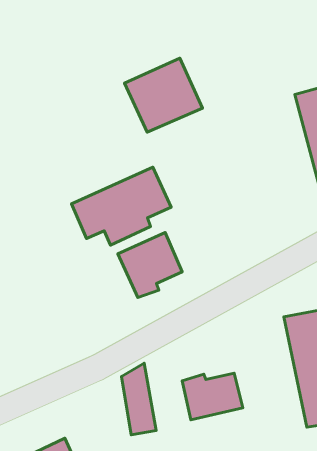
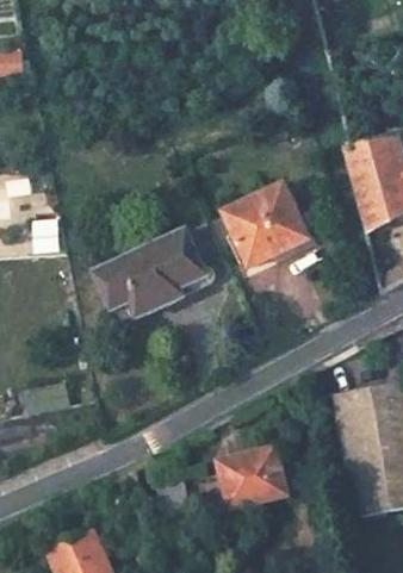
building: [124,58,202,132] -> [223,183,309,264]
building: [118,232,182,298] -> none

